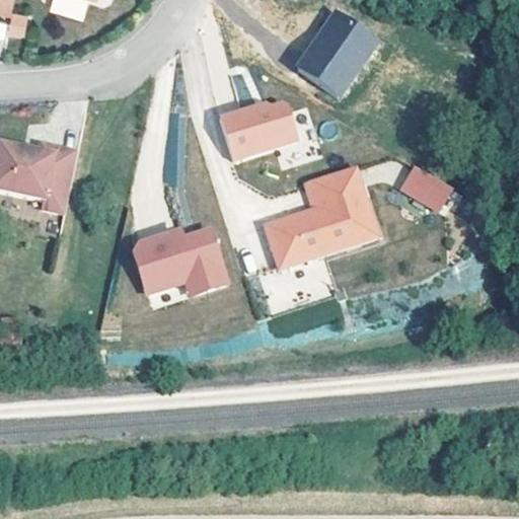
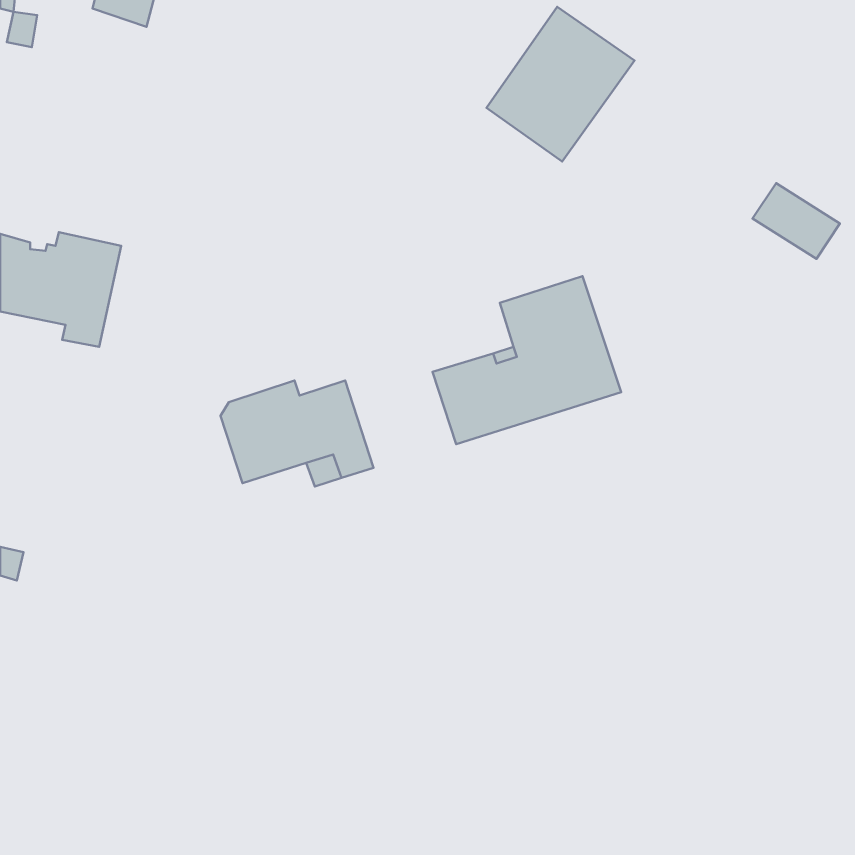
building: [219,104,298,161] -> none
building: [396,165,449,211] -> [752,183,840,259]

